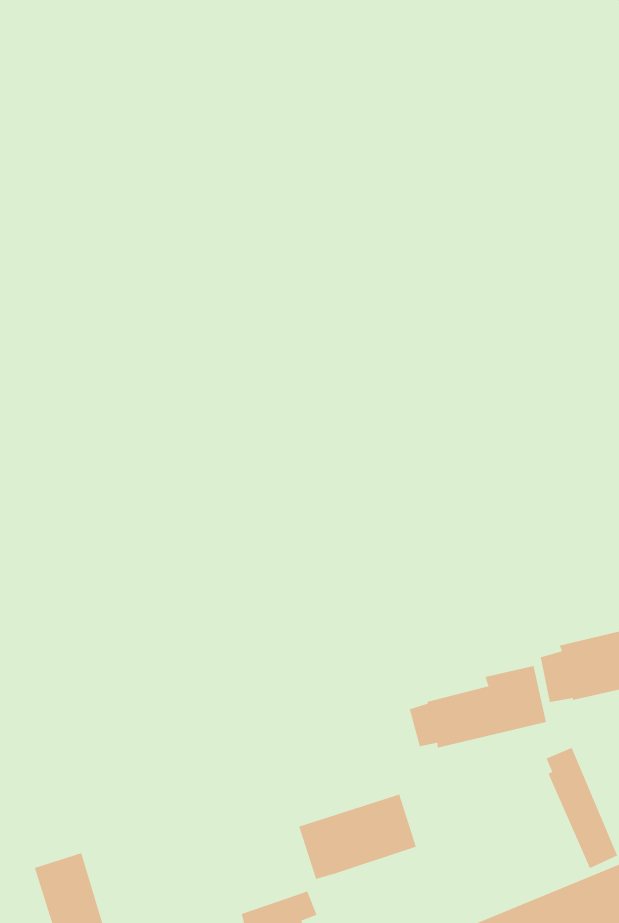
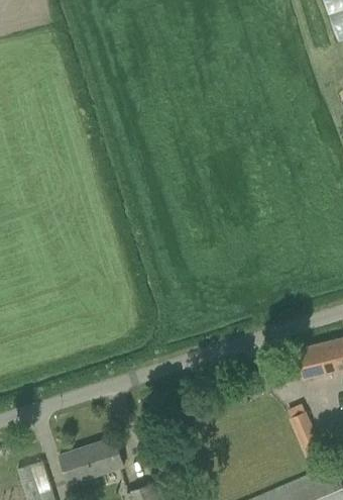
building: [409,665,547,749] -> none
building: [298,794,417,880] -> [60,437,122,483]

